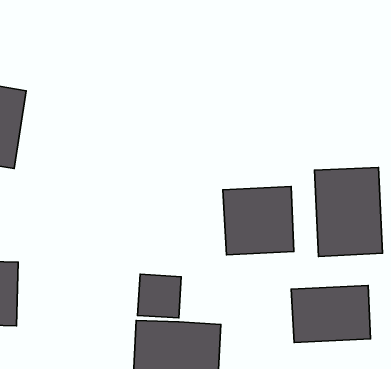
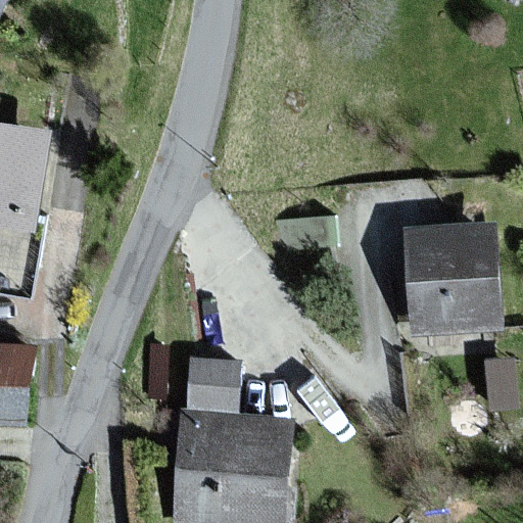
building: [223,187,294,255] -> none
building: [291,286,370,343] -> none

